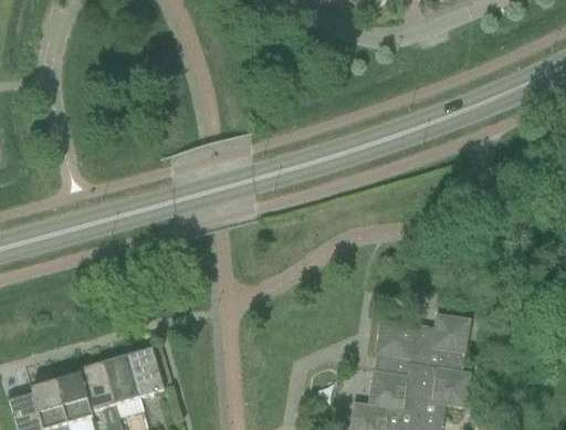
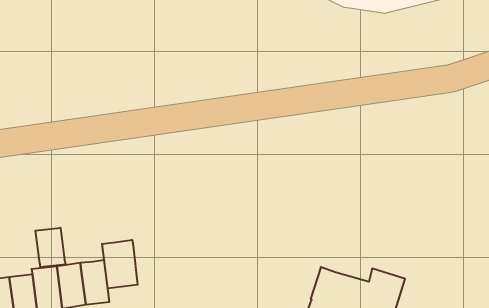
building: none -> [35,228,66,267]
building: none -> [102,240,138,289]

